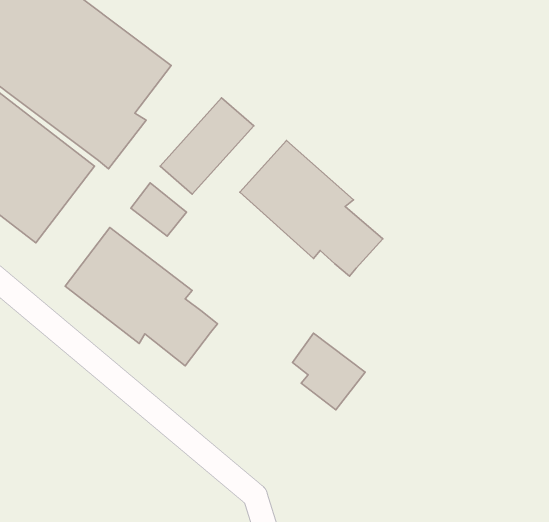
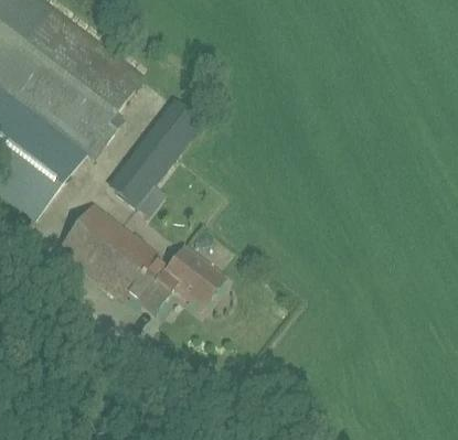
building: [240,140,383,276] -> none
building: [293,333,365,410] -> [164,247,222,308]

